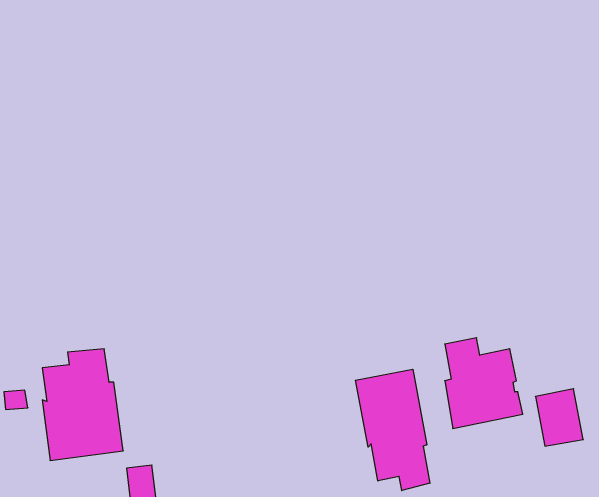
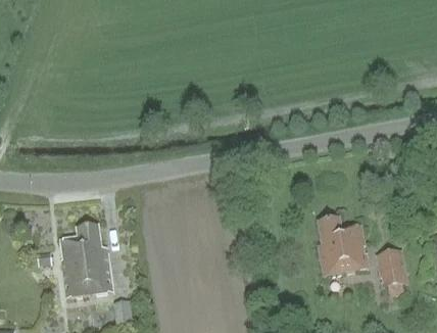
building: [355,369,430,491] -> none

